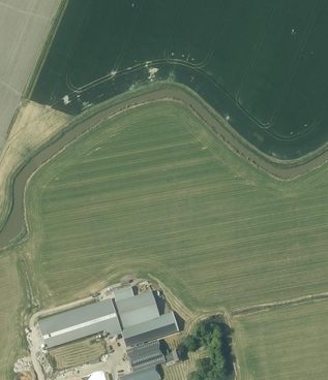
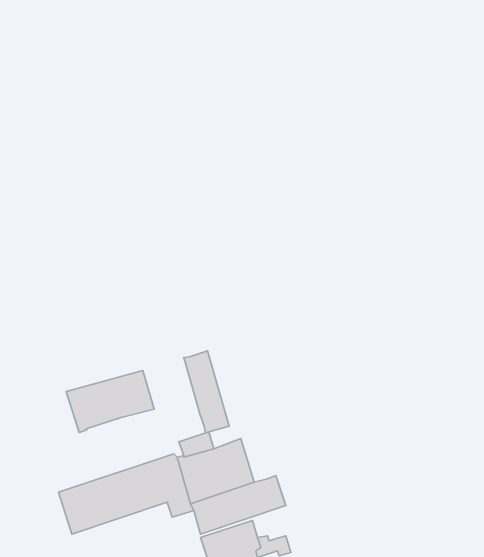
building: none -> [184,351,229,433]
building: none -> [66,370,154,433]

